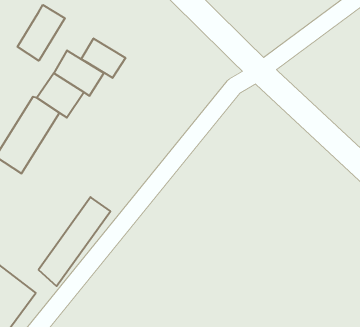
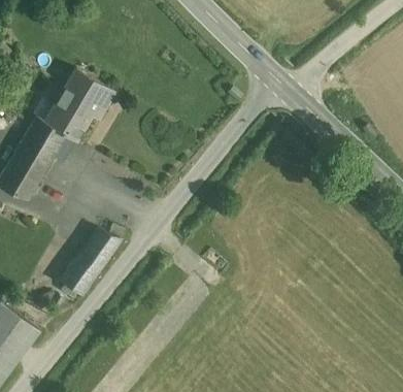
building: [18,5,65,61] -> none
building: [81,38,125,78] -> none

